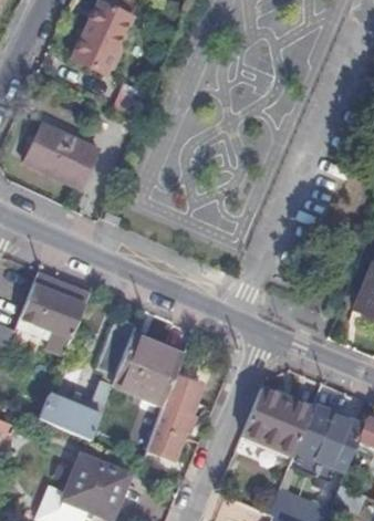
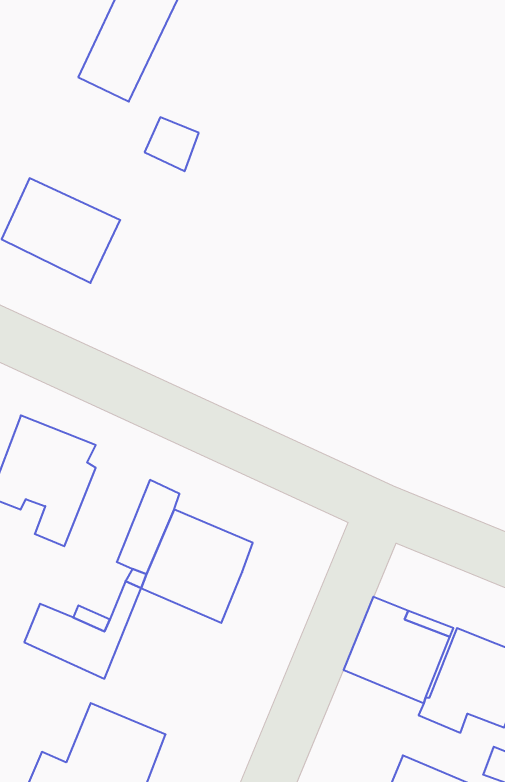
building: [146,373,205,460] -> none

